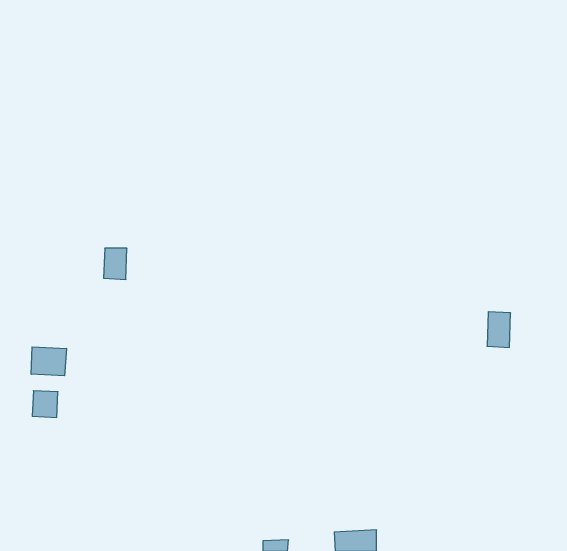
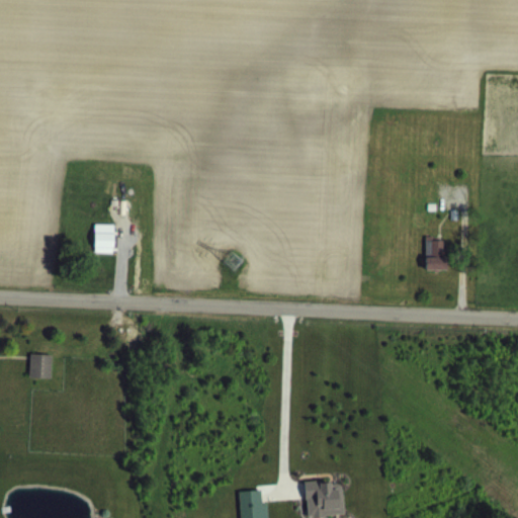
building: [487,312,511,347] -> [425,239,446,271]
building: [31,347,66,376] -> none

